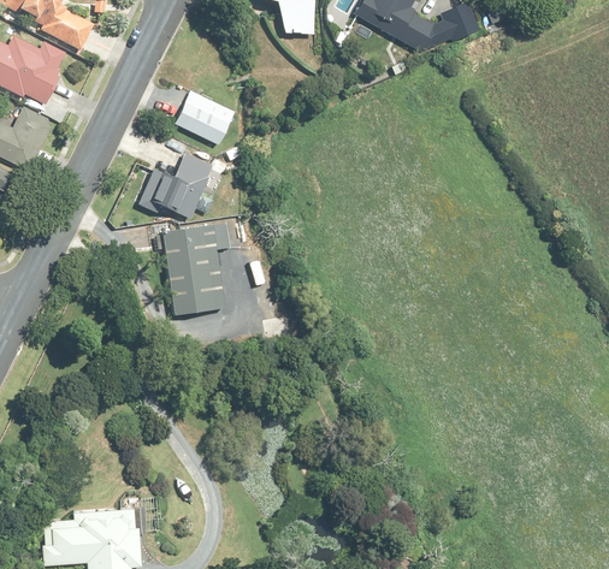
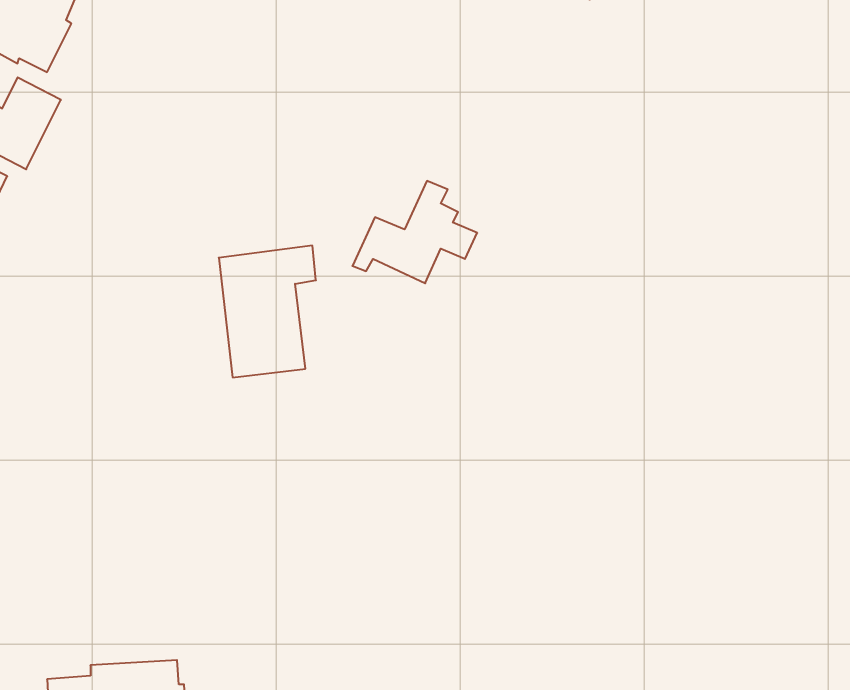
building: [172,89,233,144] -> none
building: [140,144,226,215] -> [352,181,477,283]

